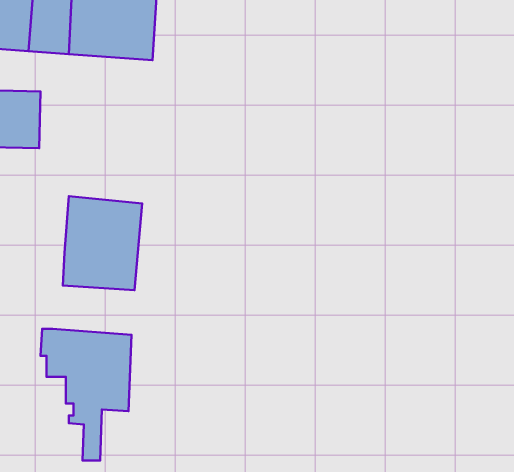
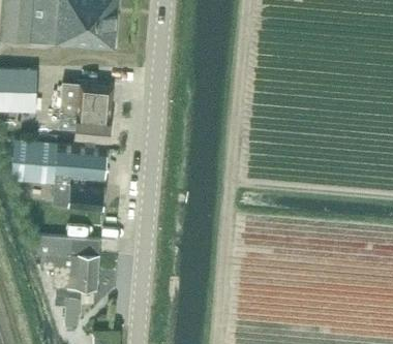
building: none -> [60,82,113,142]
building: none -> [12,137,56,181]

